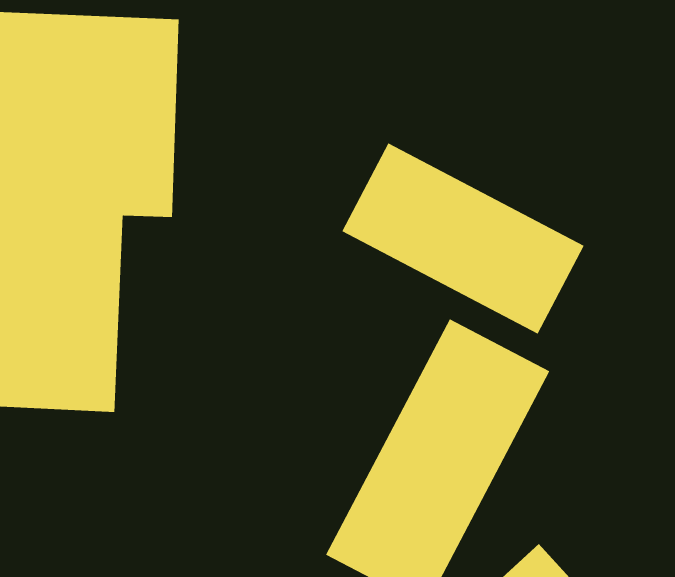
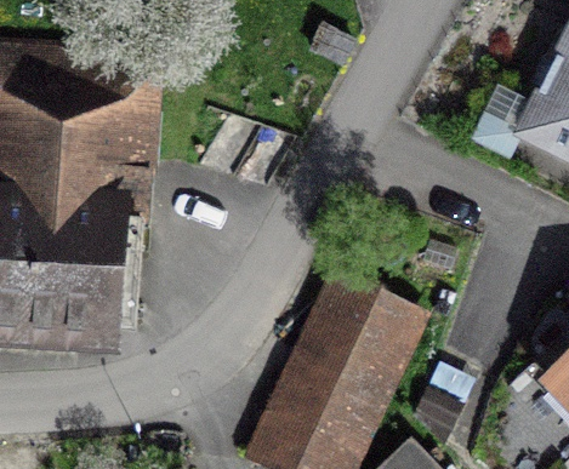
building: [341,143,584,334] -> none

